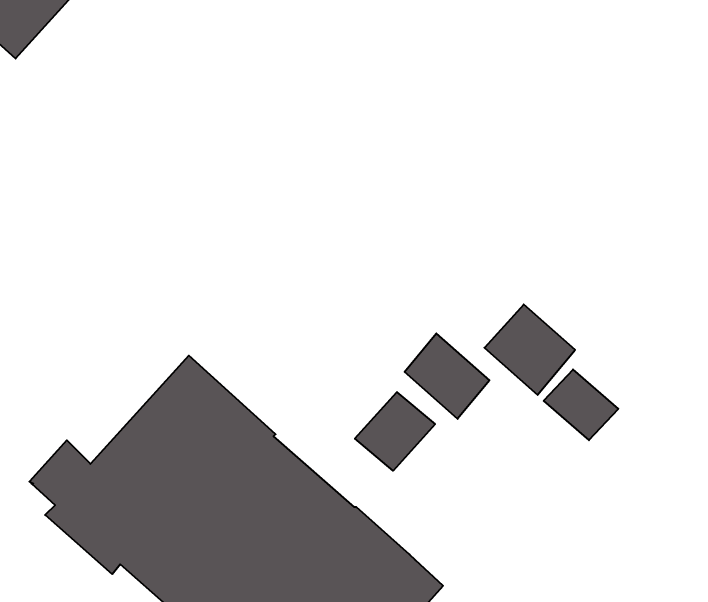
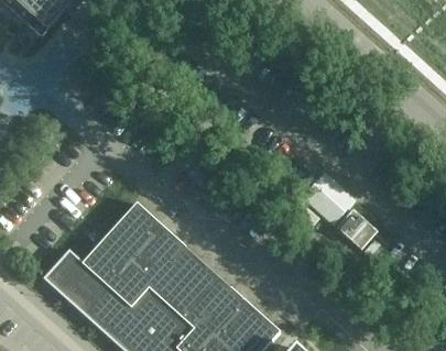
building: [405,333,489,419] -> none
building: [355,392,435,471] -> none

